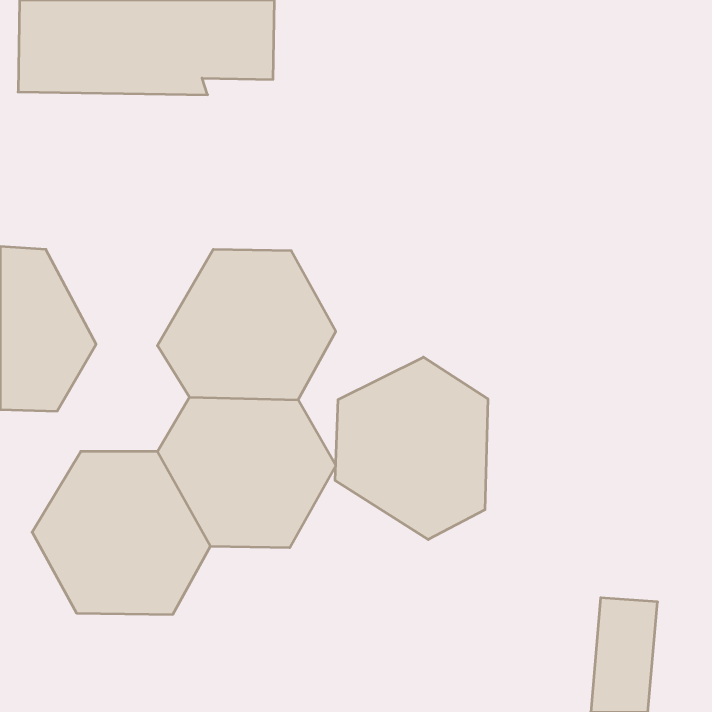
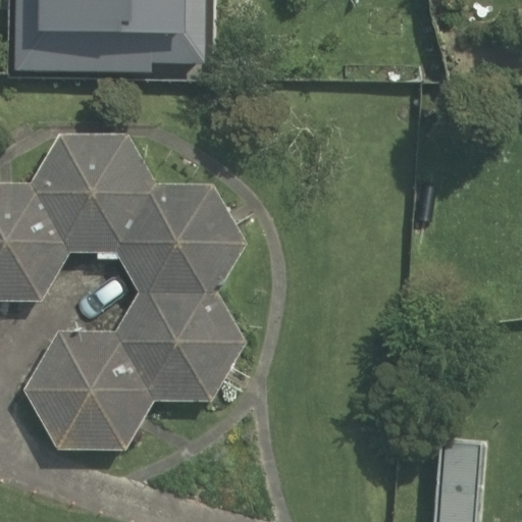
building: none -> [34,134,156,253]
building: [335,357,488,540] -> none

